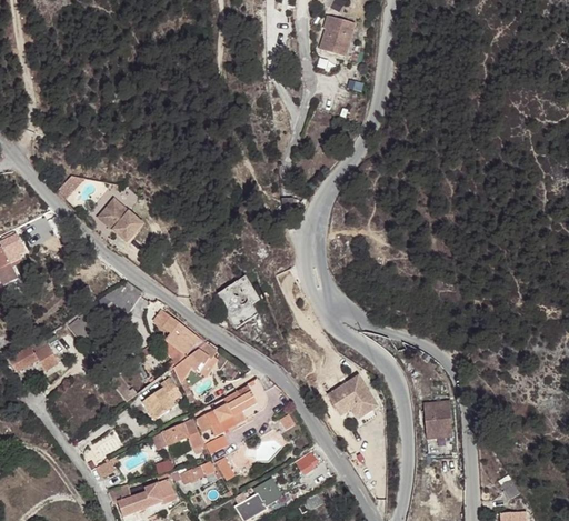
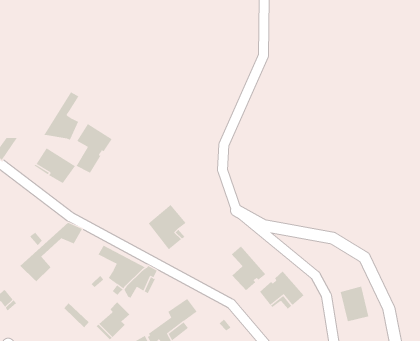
building: none -> [43,92,79,140]
building: none -> [76,123,112,174]
building: none -> [231,245,266,291]

